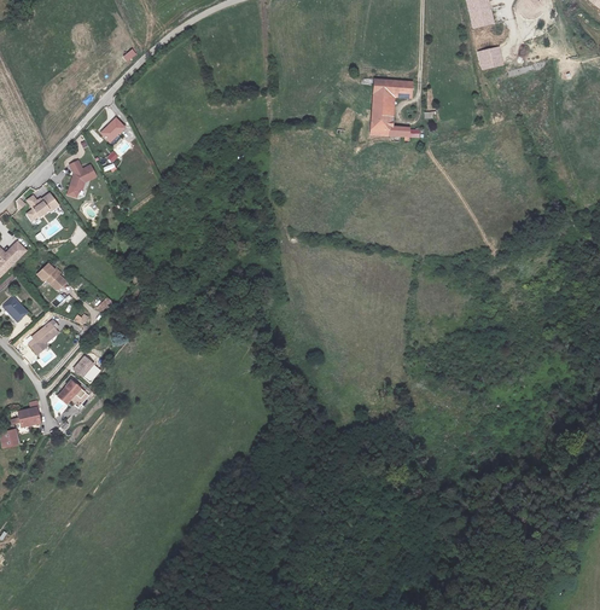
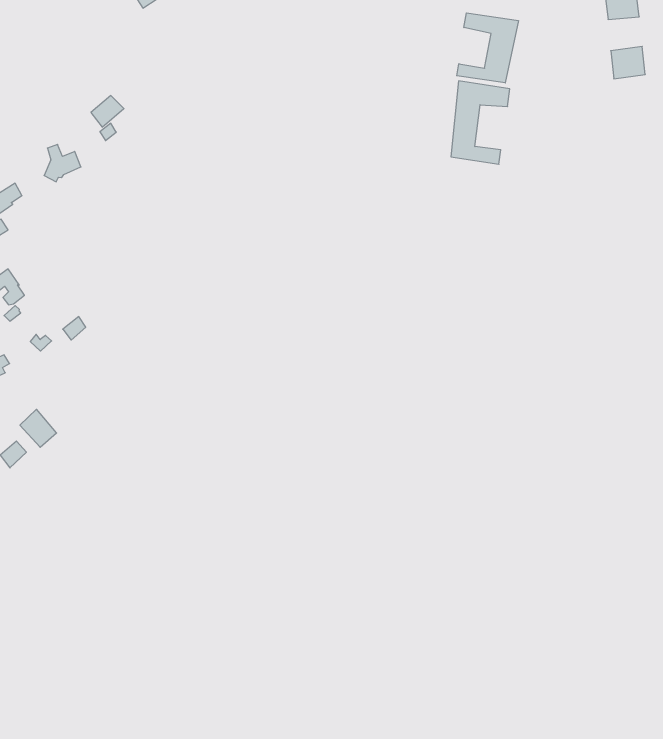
building: none -> [457,13,518,83]

